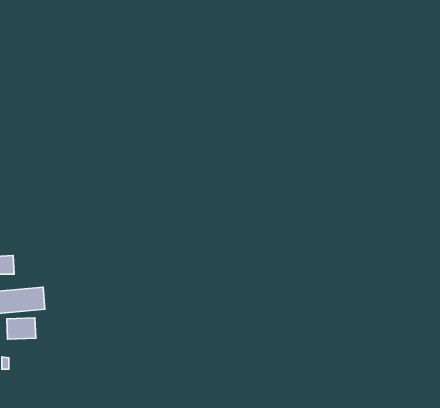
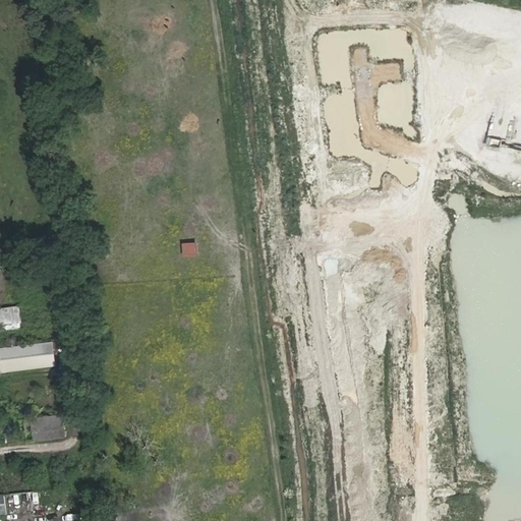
building: [7,318,36,339] -> [28,415,62,440]

